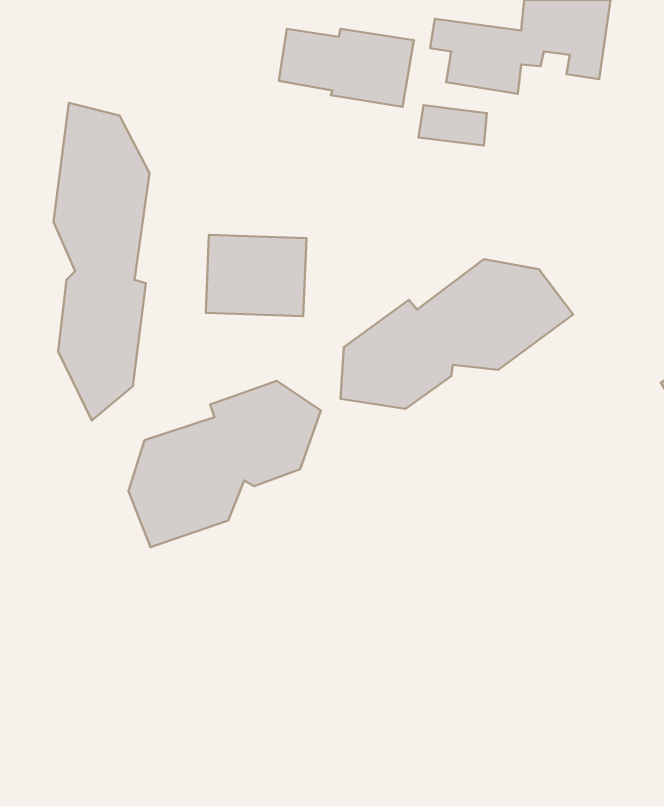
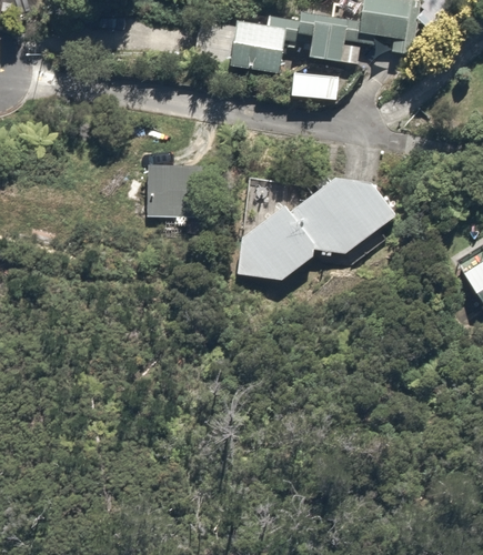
building: [53,103,149,421] -> none
building: [128,381,321,547] -> none

